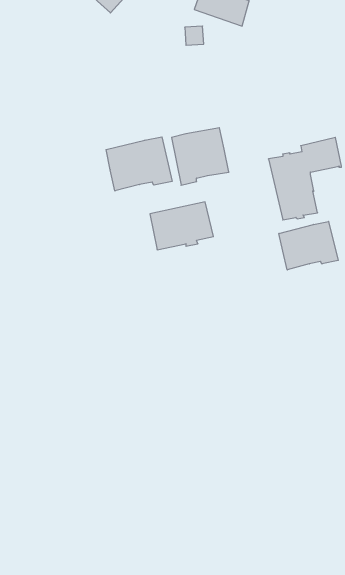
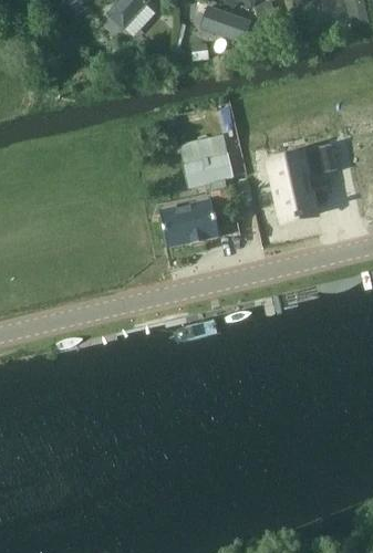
building: [106,137,172,191] -> none
building: [279,221,338,270] -> none

